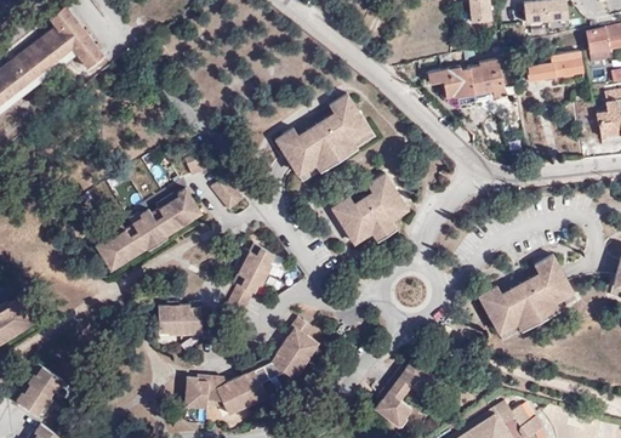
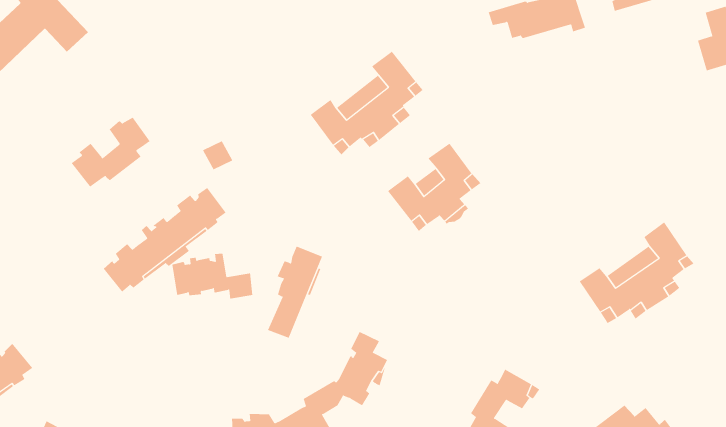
building: none -> [71,117,151,188]
building: [211,177,244,211] -> none
building: [158,303,221,341] -> [172,253,253,299]

